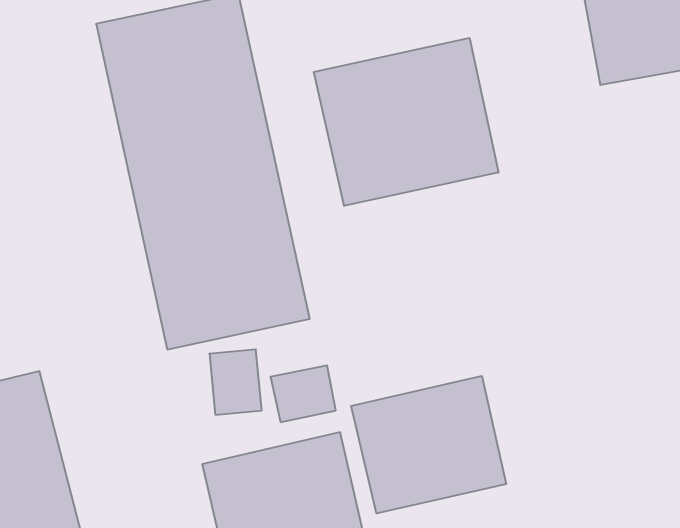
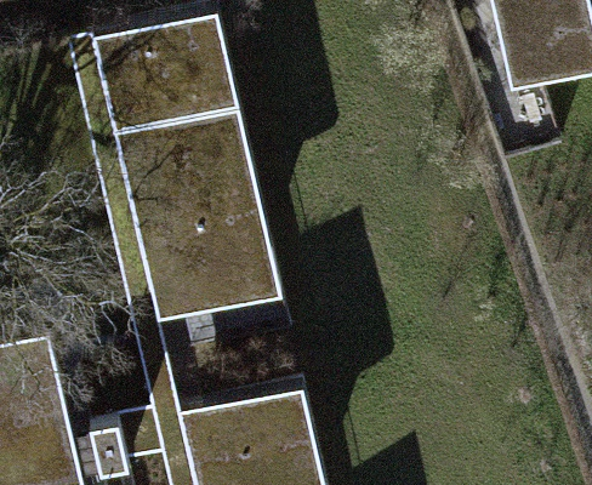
building: [314,38,498,206] -> none
building: [351,376,506,513] -> none

